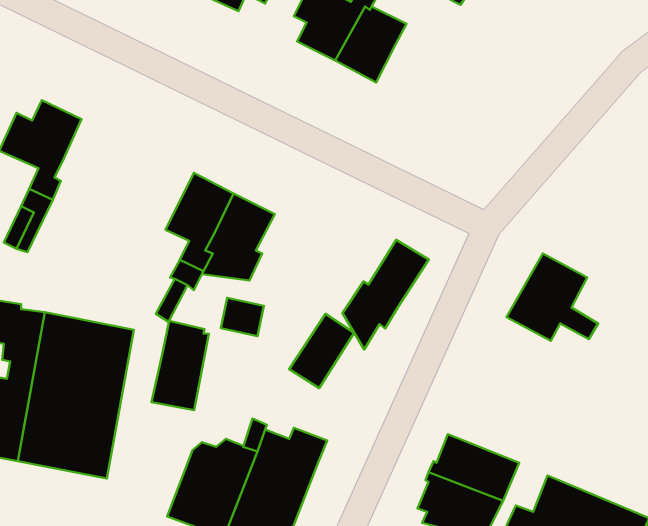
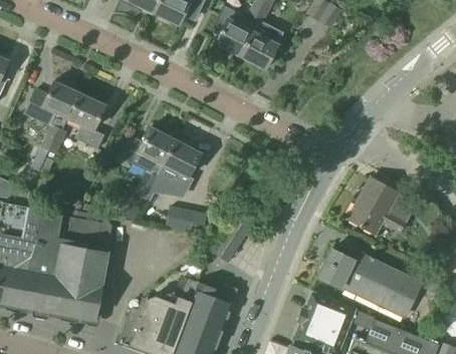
building: none -> [67,92,104,148]
building: [342,240,429,350] -> none
building: [151,321,209,410] -> none
building: none -> [317,249,420,316]

